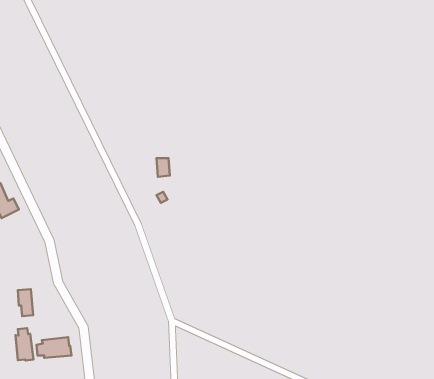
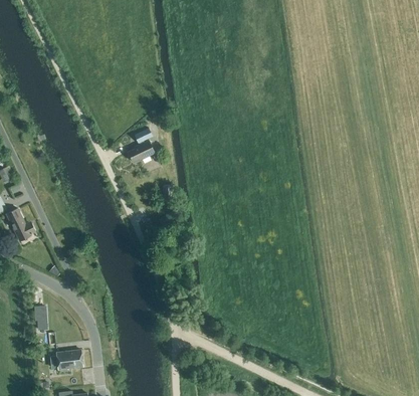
building: none -> [128,128,155,162]
building: [15,328,34,360] -> none

